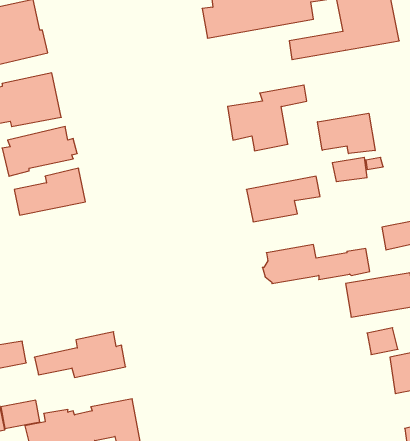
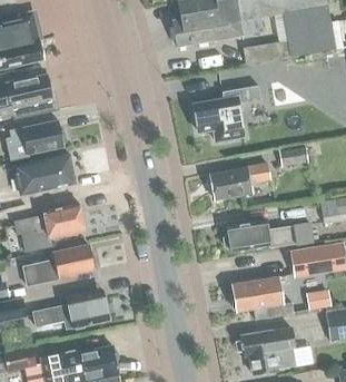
building: [318,113,375,154] -> none
building: none -> [14,202,85,236]
building: none -> [23,242,92,285]
building: none -> [230,274,291,317]
building: none -> [240,325,297,372]

